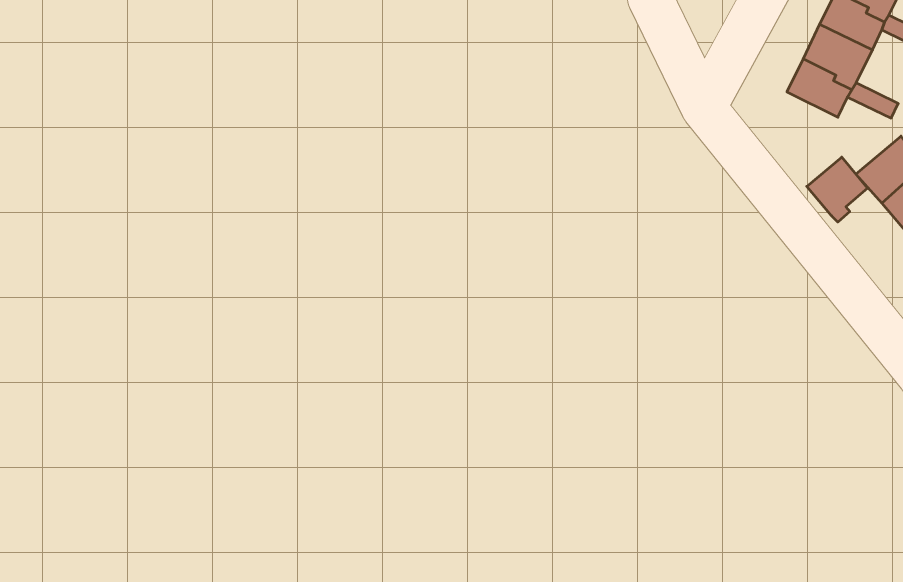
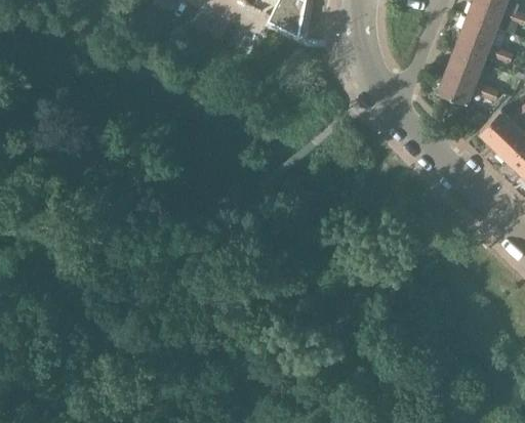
building: [807,157,867,222] -> none

